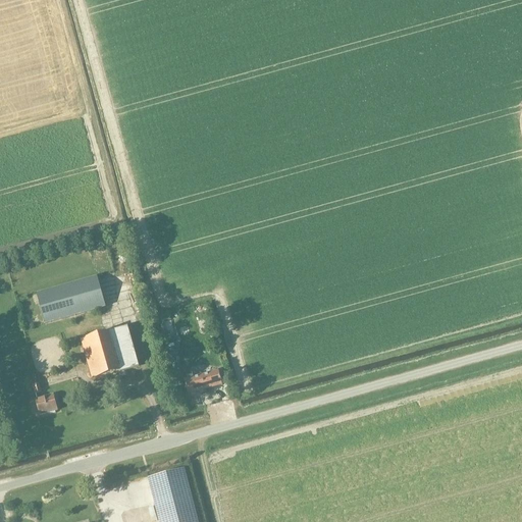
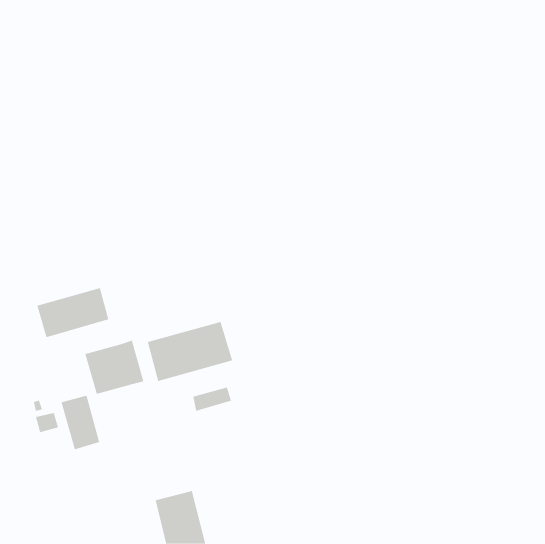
building: none -> [147,321,233,382]
building: none -> [61,395,100,450]

